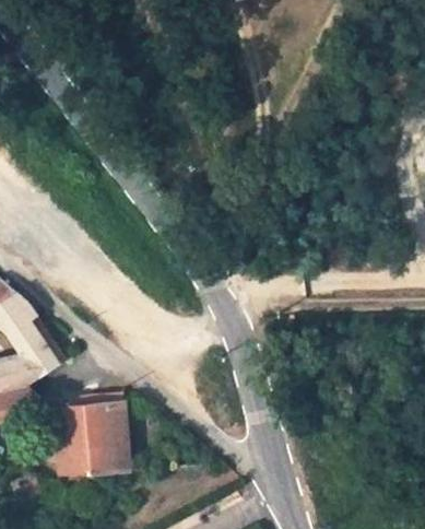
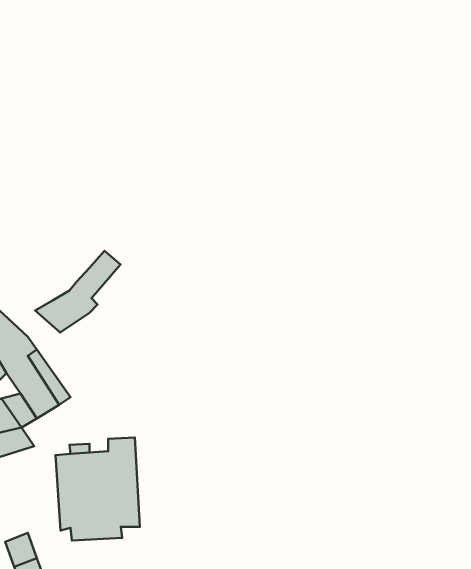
building: none -> [35,251,120,333]

